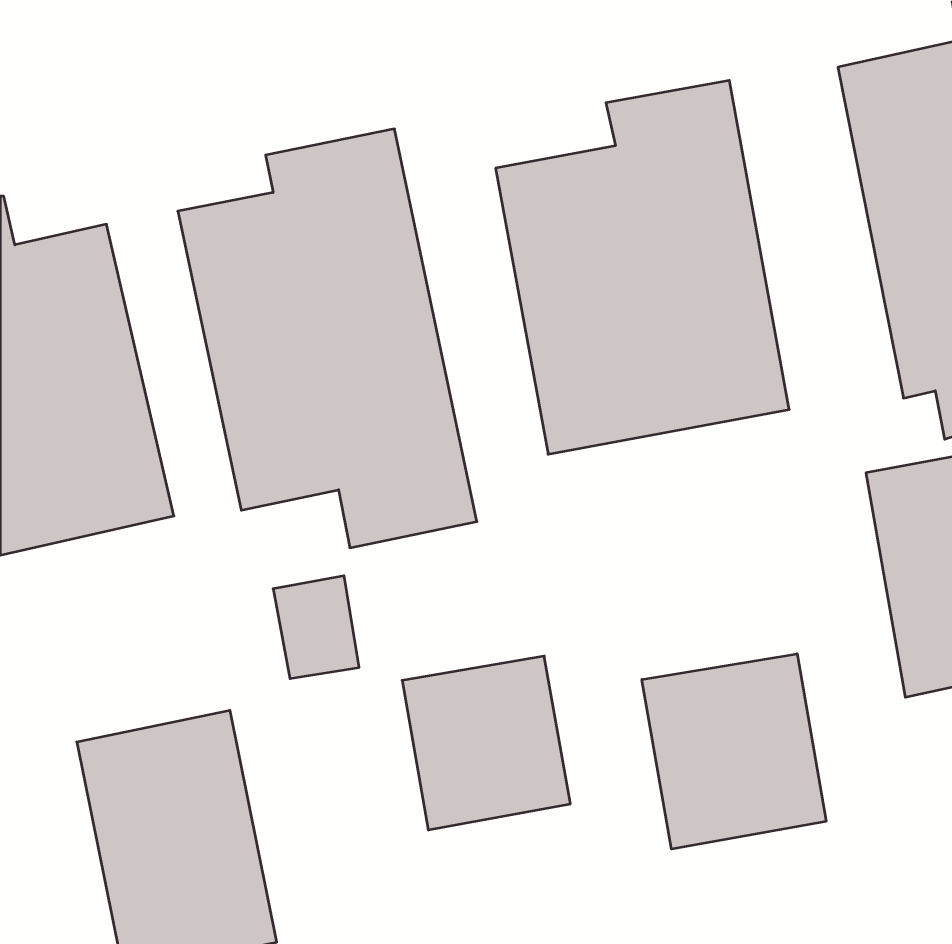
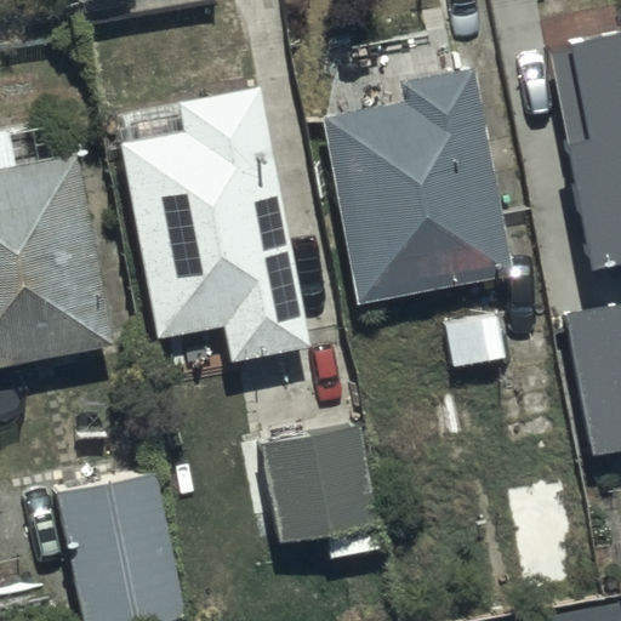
building: [642,654,826,849] -> none

